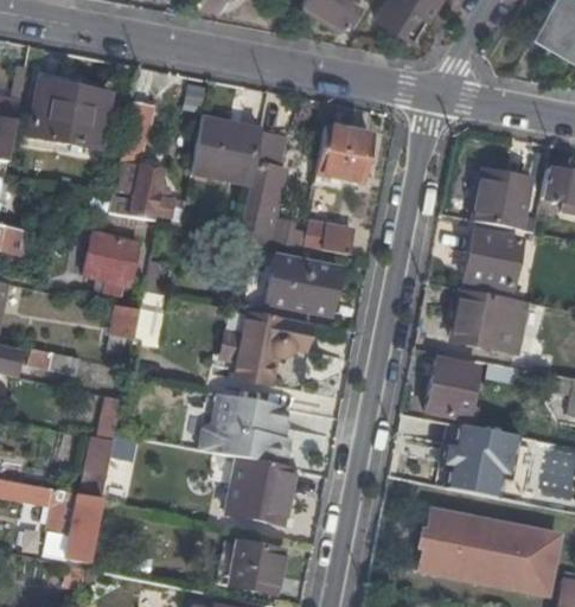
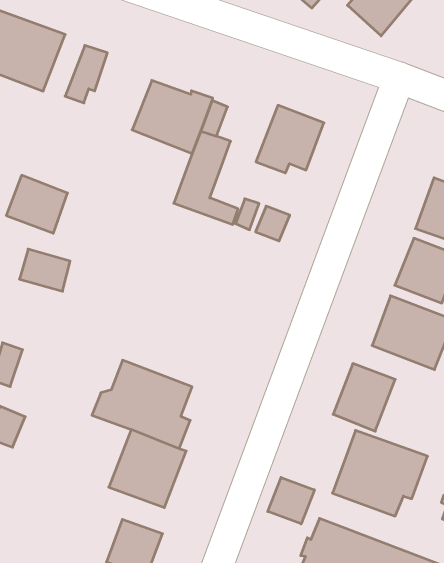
building: [121,161,174,217] -> none
building: [266,256,340,315] -> none
building: [234,312,317,385] -> none
building: none -> [268,477,314,524]

